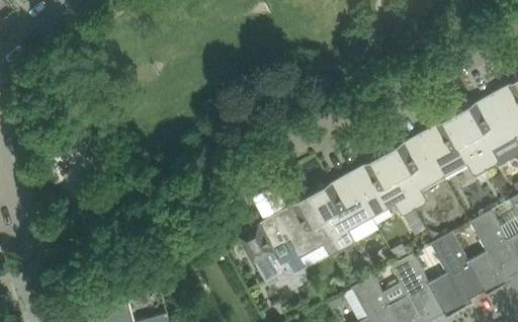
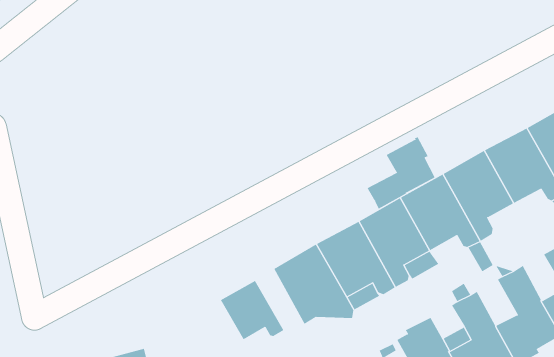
building: none -> [367,136,436,210]
building: none -> [220,280,284,340]

